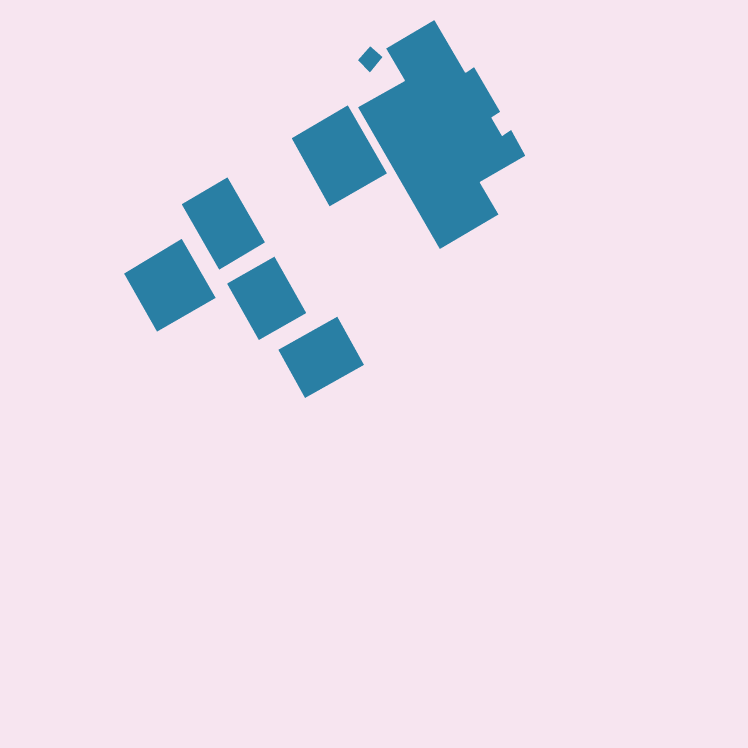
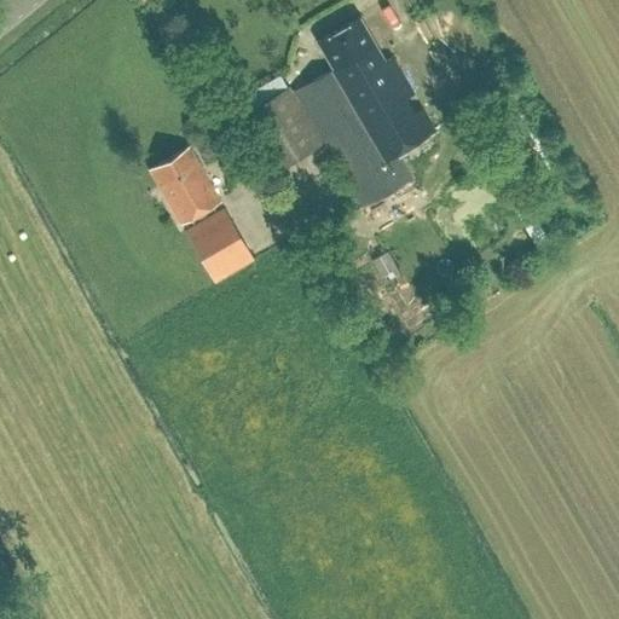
building: [123,238,216,333] -> none
building: [278,316,365,399] -> none

